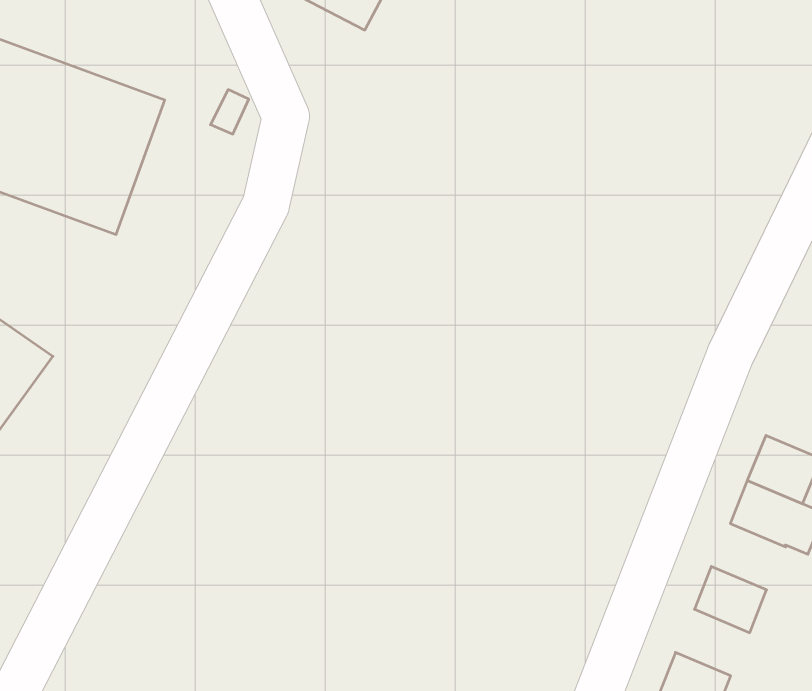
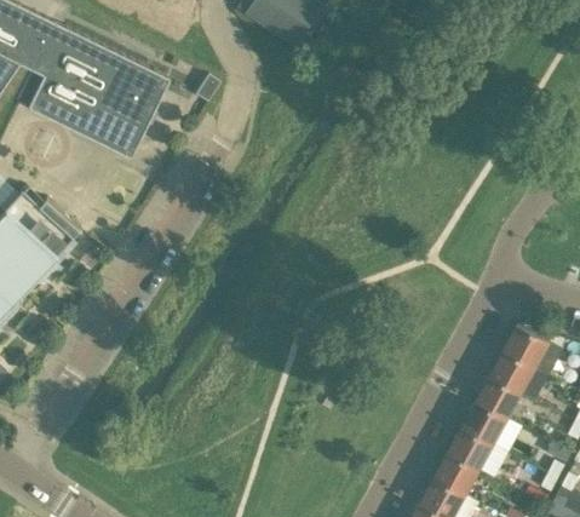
building: none -> [475,377,522,420]
building: none -> [447,427,494,471]

